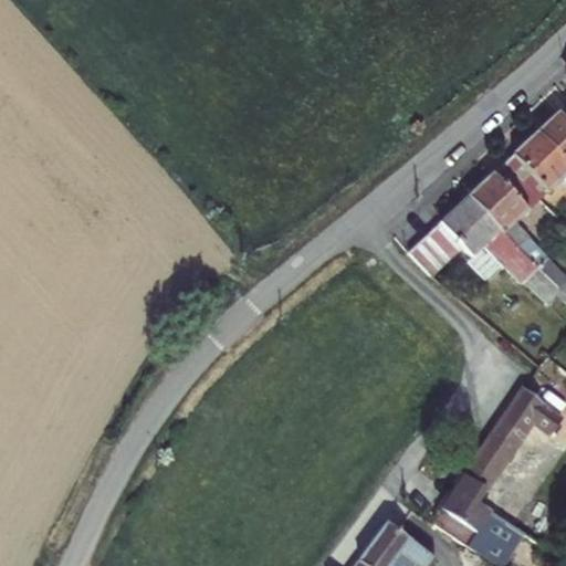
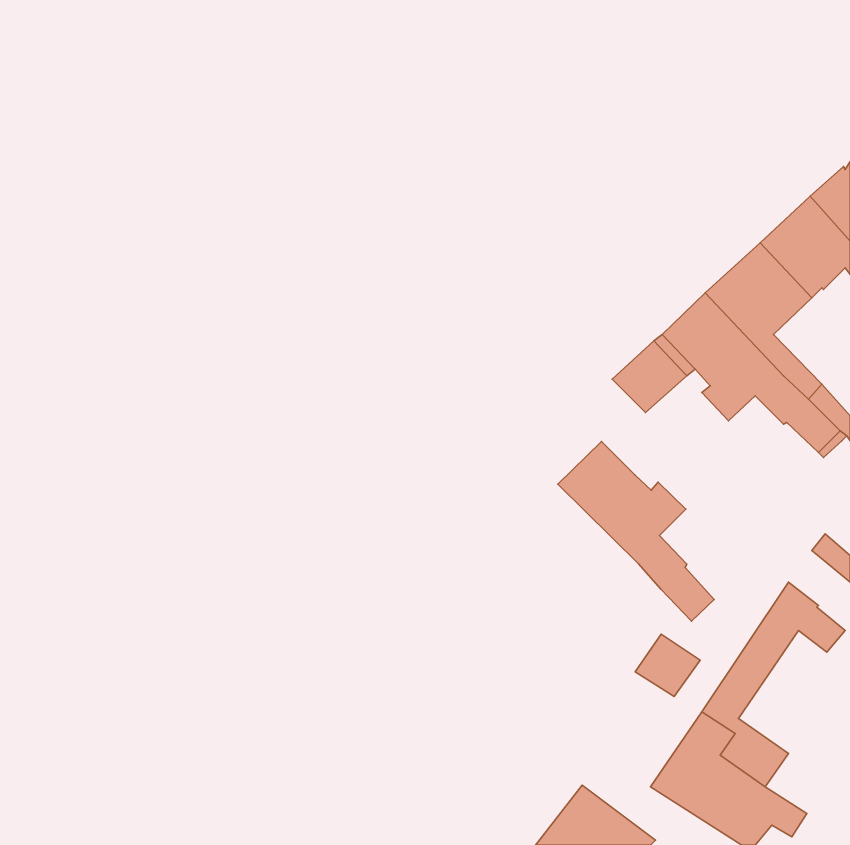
building: none -> [558,441,714,621]
building: none -> [635,634,700,696]

